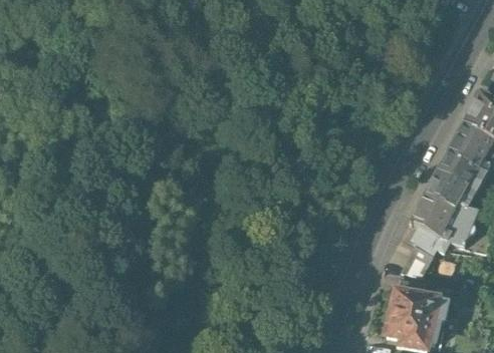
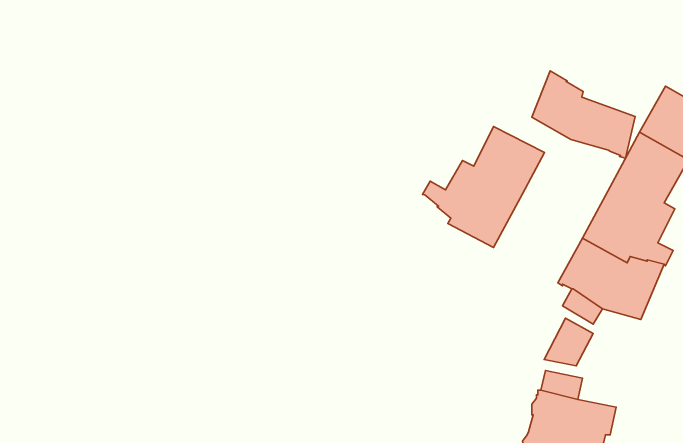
building: none -> [532,71,635,158]
building: none -> [423,126,545,248]

